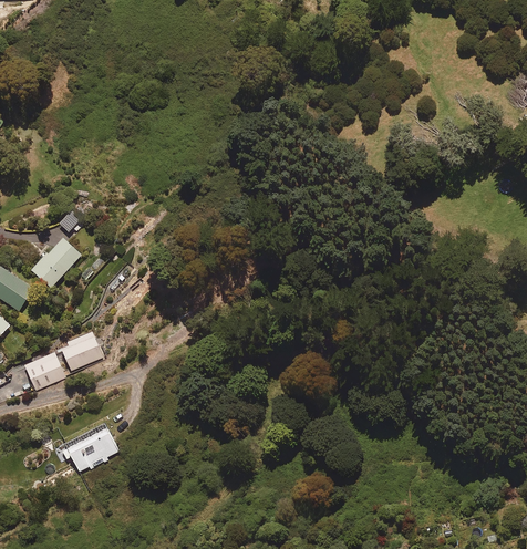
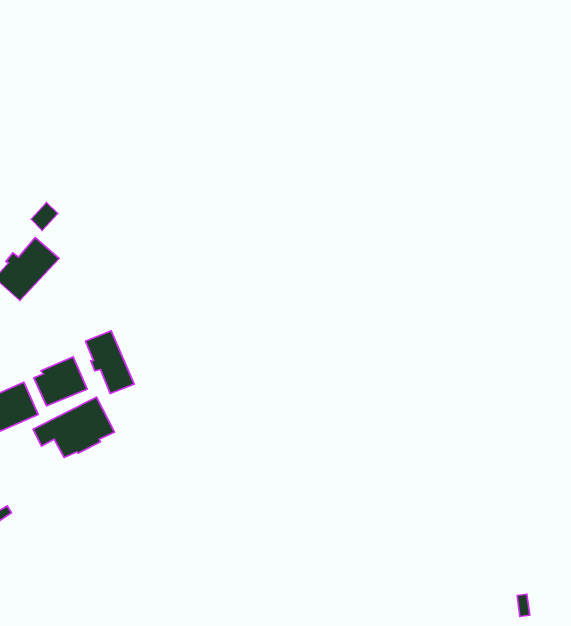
building: none -> [85,331,134,394]
building: [54,424,118,472] -> [33,397,115,457]

